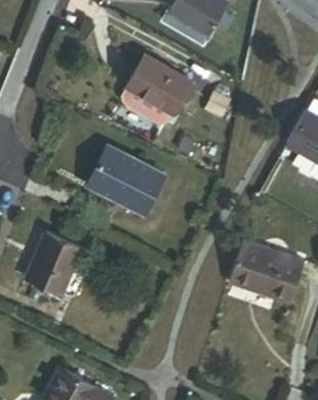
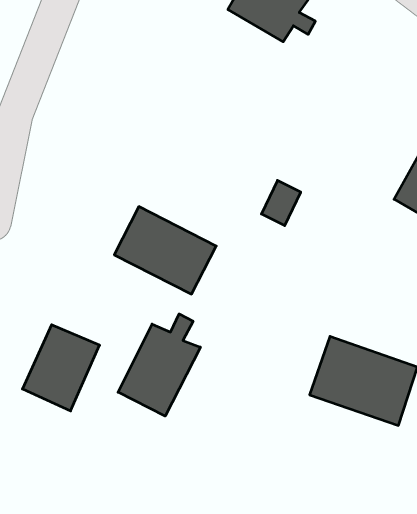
building: [122,56,191,123] -> none
building: none -> [118,314,200,416]

